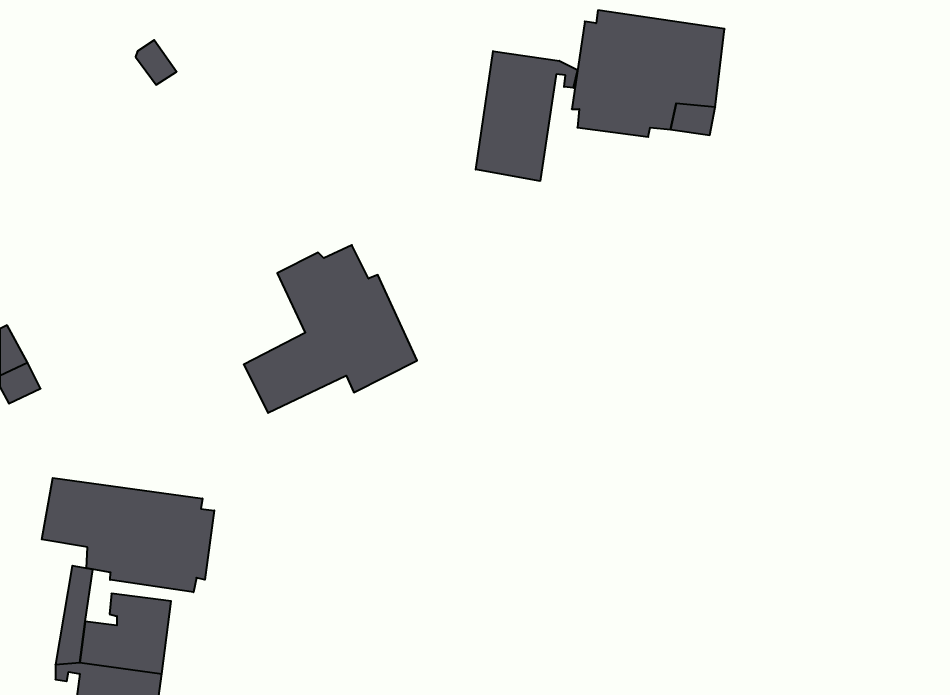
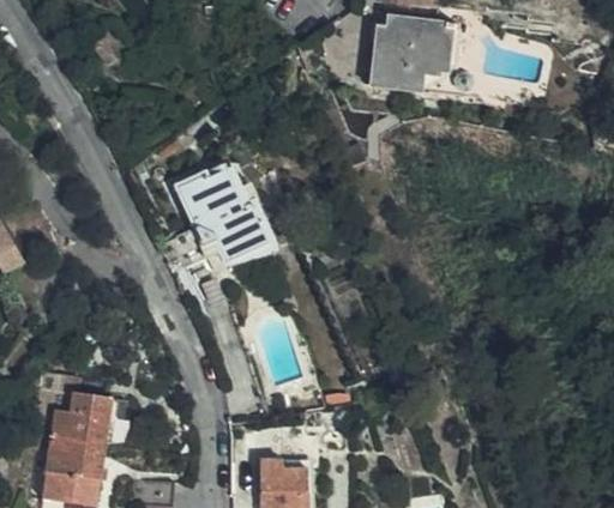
building: [476,51,578,181] -> none
building: [42,478,214,592] -> none

